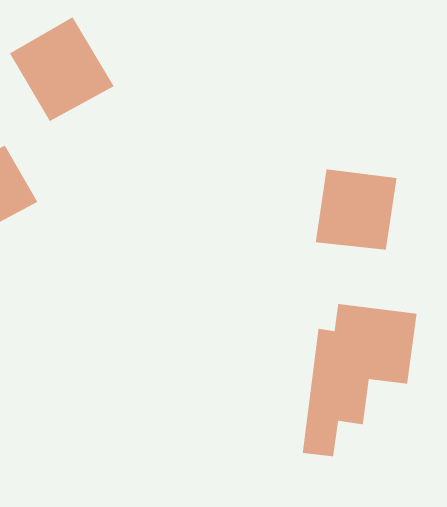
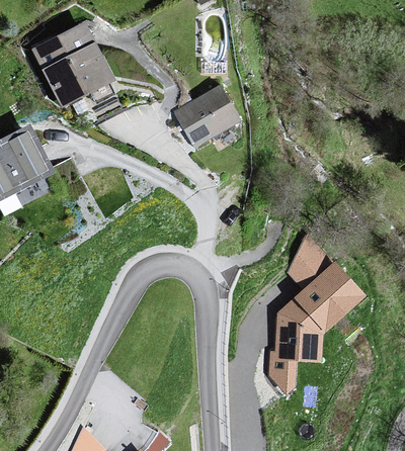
building: none -> [172,85,241,150]
building: [315,168,397,251] -> none

